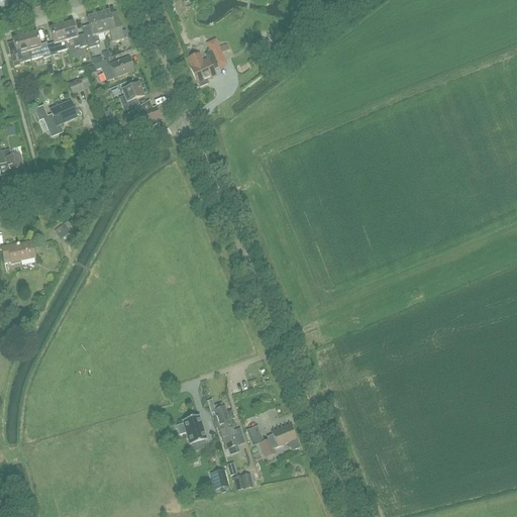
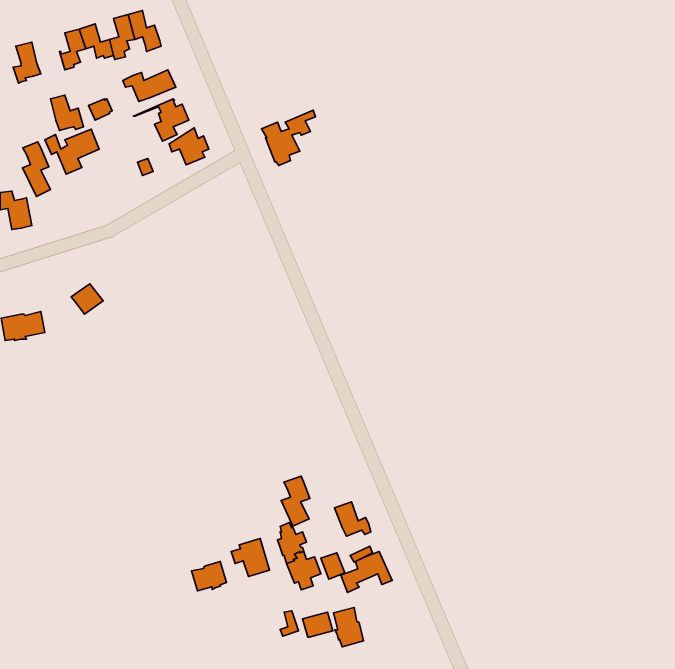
building: [24,29,49,57] -> [50,95,83,131]
building: [187,41,228,84] -> [262,110,316,166]
building: none -> [23,142,51,197]
building: none -> [281,476,310,526]
building: none -> [335,502,371,536]
building: none -> [191,562,227,591]
building: none -> [334,608,364,647]

